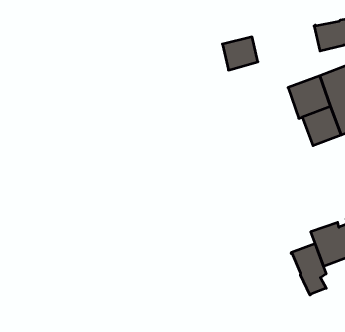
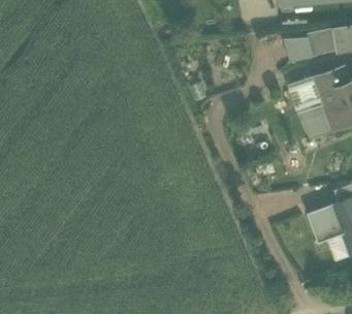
building: [222,37,258,70] -> [285,34,316,63]
building: [291,244,326,295] -> none

